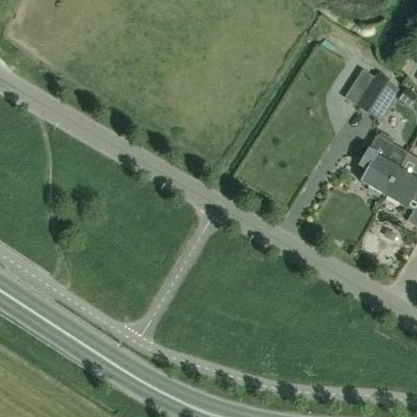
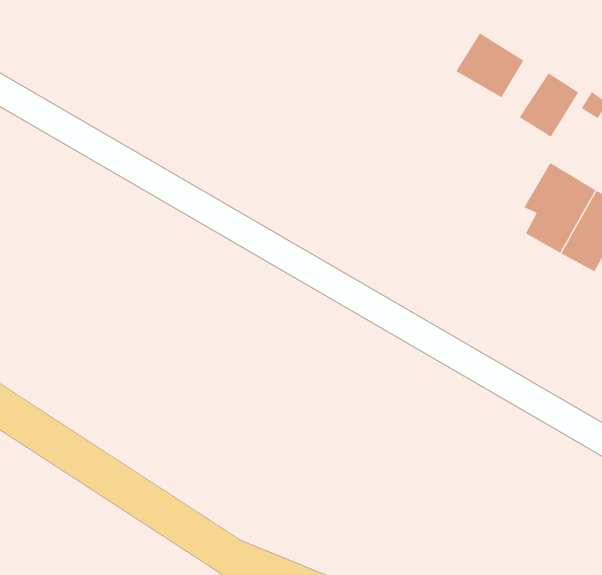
building: none -> [456,33,524,98]

